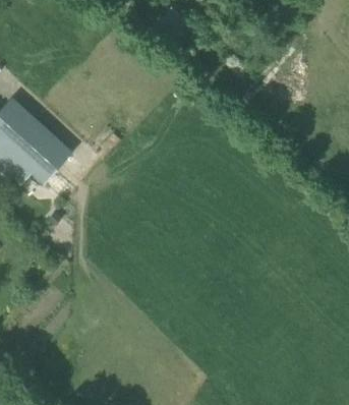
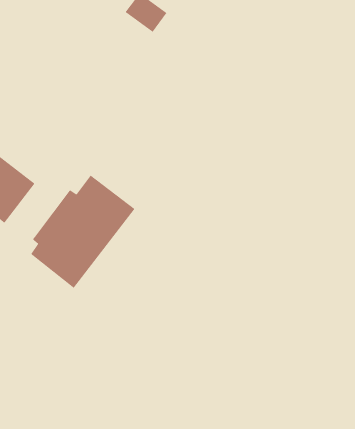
building: none -> [30,174,135,289]

